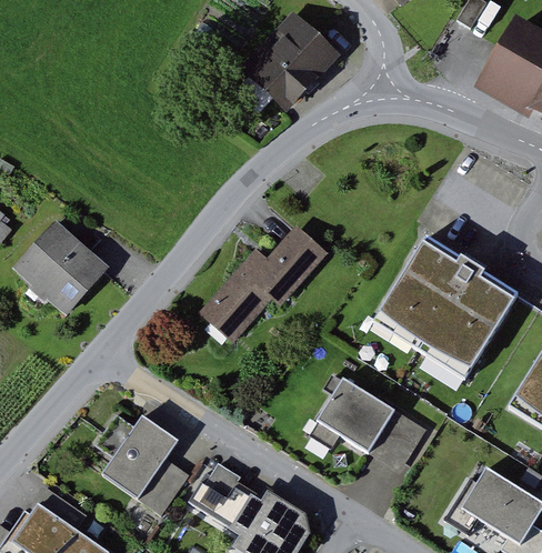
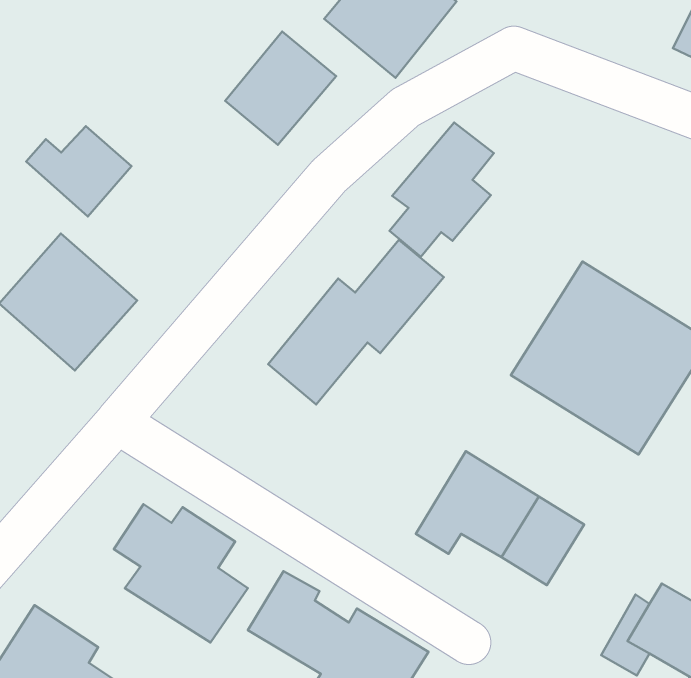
building: none -> [225,31,336,145]
building: none -> [389,122,494,257]
building: none -> [26,126,132,216]

